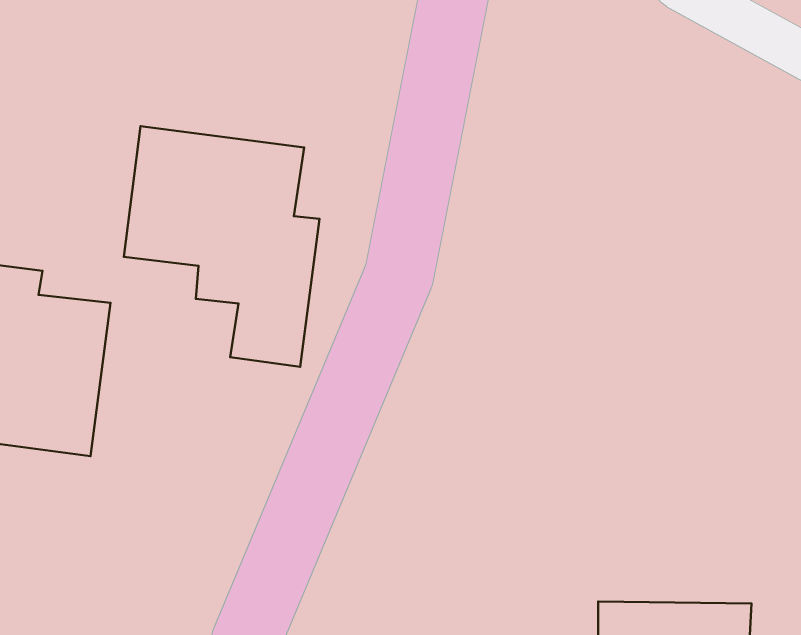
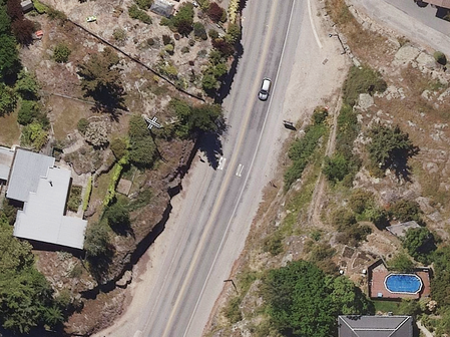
building: [124,126,320,367] -> none

